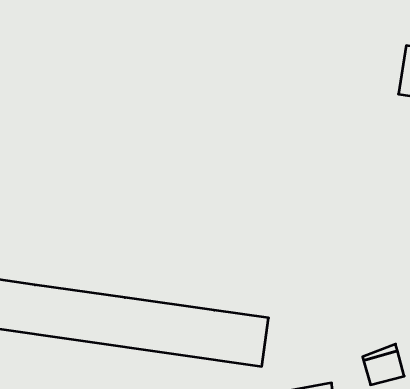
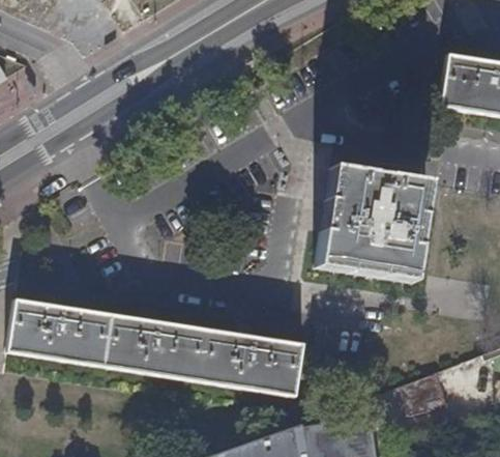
building: none -> [316,169,430,286]

